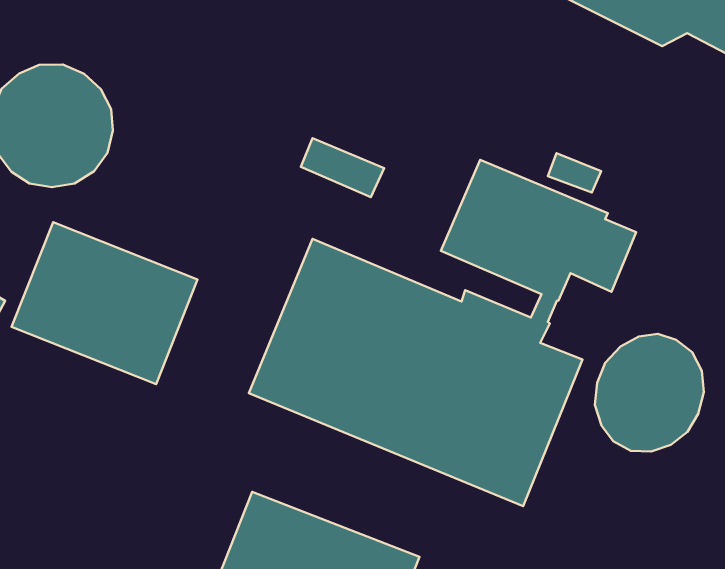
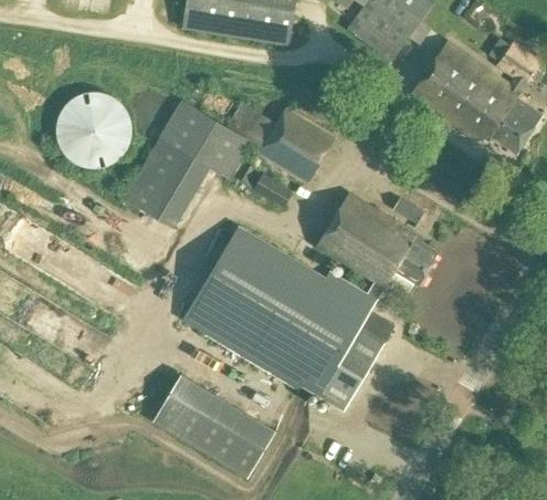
building: none -> [122,101,337,229]
building: [12,222,198,384] -> none
building: [595,334,704,451] -> none

